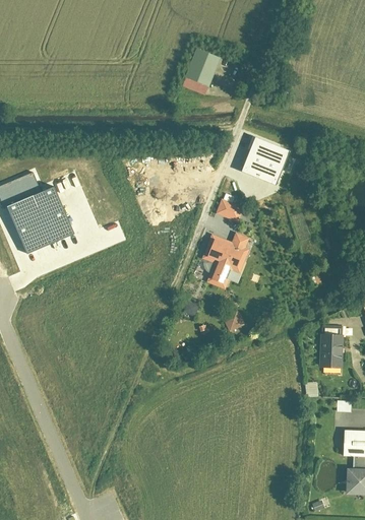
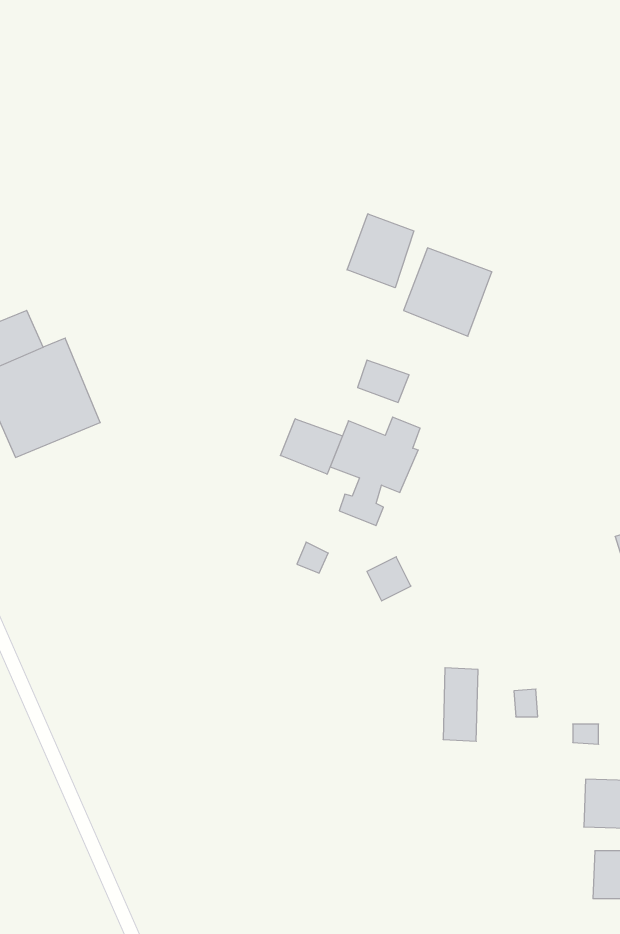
building: [186,48,220,85] -> none
building: none -> [347,214,414,288]
building: none -> [280,419,342,474]
building: [322,326,342,367] -> [443,668,478,741]

